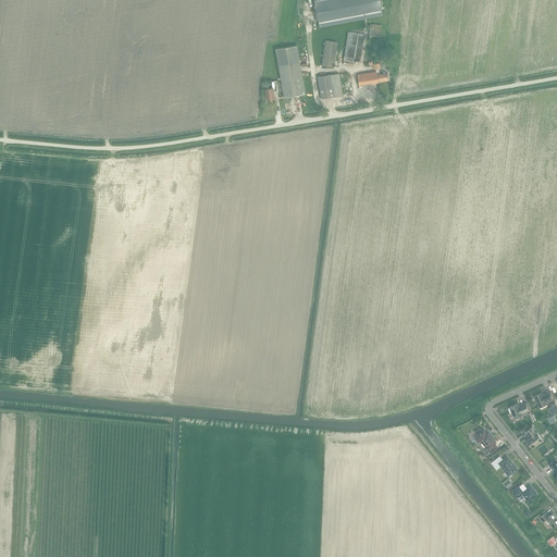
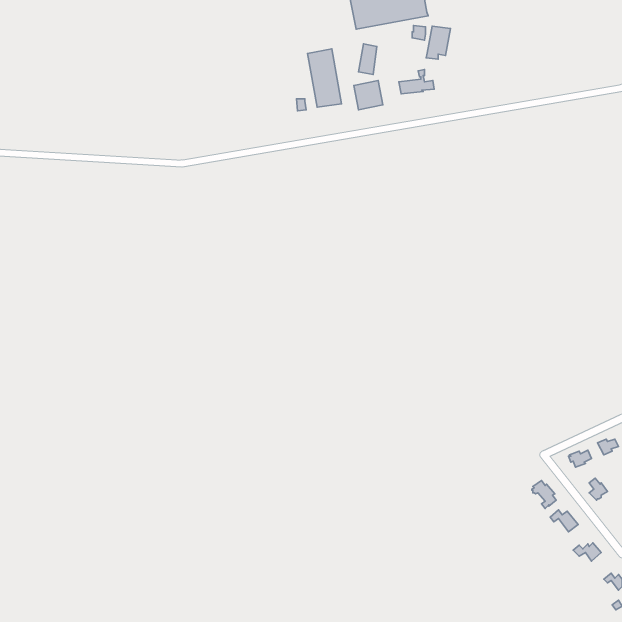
building: [342,32,363,61] -> [426,26,450,59]

